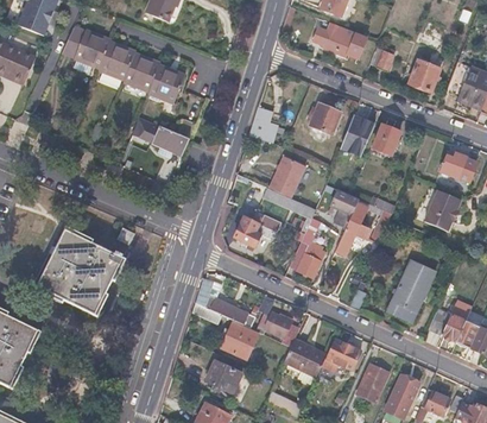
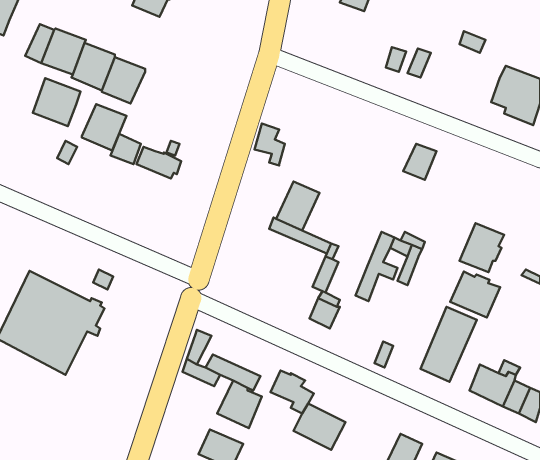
building: [312,21,356,53] -> none
building: [409,59,439,91] -> none
building: [148,65,185,103] -> [82,104,127,150]
building: none -> [33,78,80,126]
building: [306,102,340,133] -> none
building: [340,115,374,154] -> none
building: [438,150,479,182] -> none
building: [325,188,355,226] -> none
building: [234,216,277,247] -> none
building: none -> [450,272,500,317]
building: [327,340,360,370] -> none

